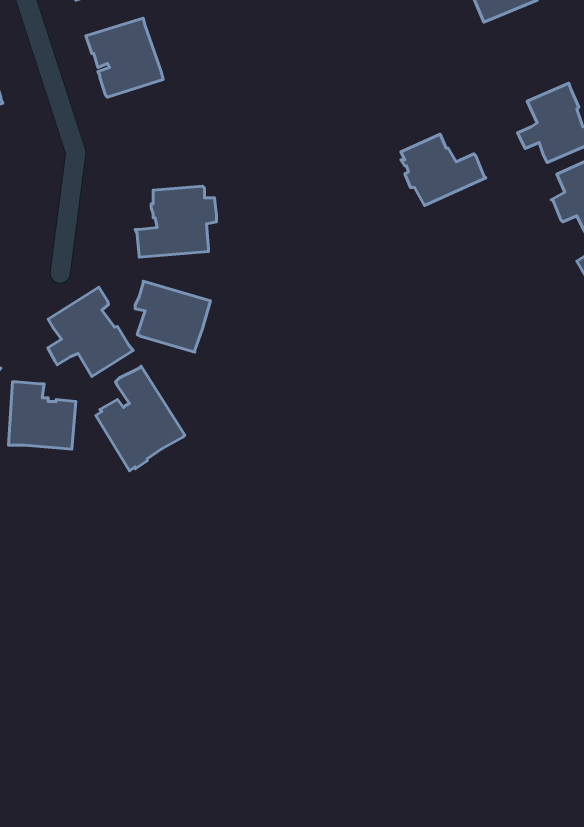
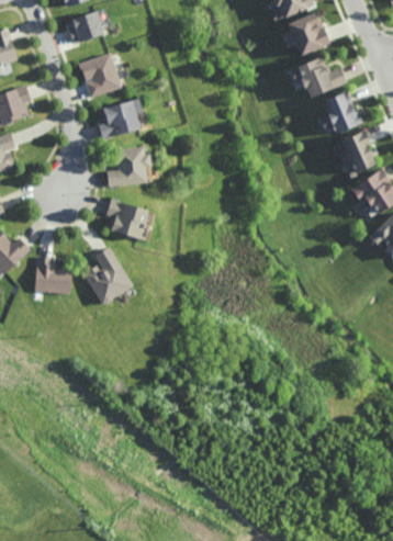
building: none -> [98,101,138,139]
building: [401,134,486,205] -> [297,57,345,97]
building: [48,287,133,376] -> none

